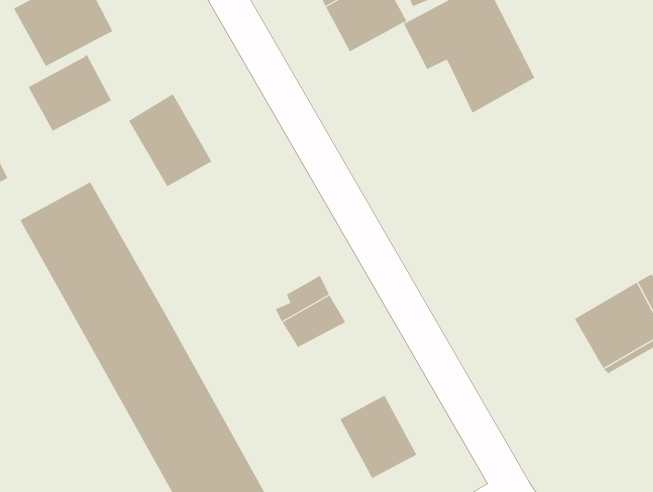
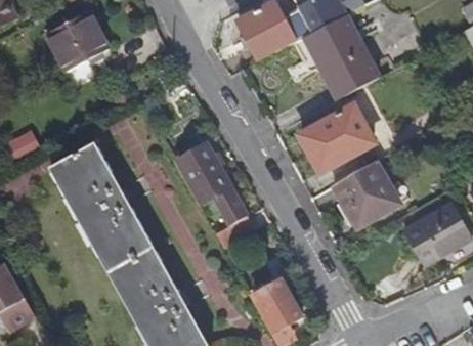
building: [28,54,112,131] -> none
building: [128,93,212,187] -> [177,143,230,203]
building: none -> [301,106,375,172]
building: none -> [334,161,399,227]

